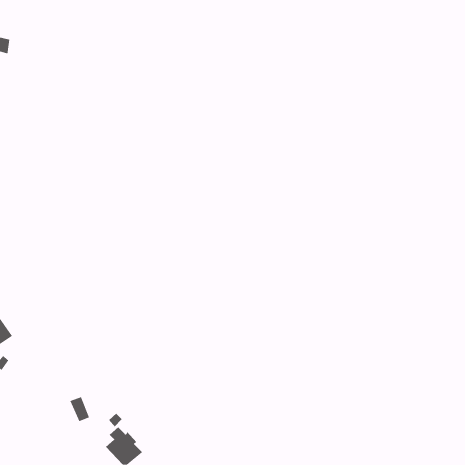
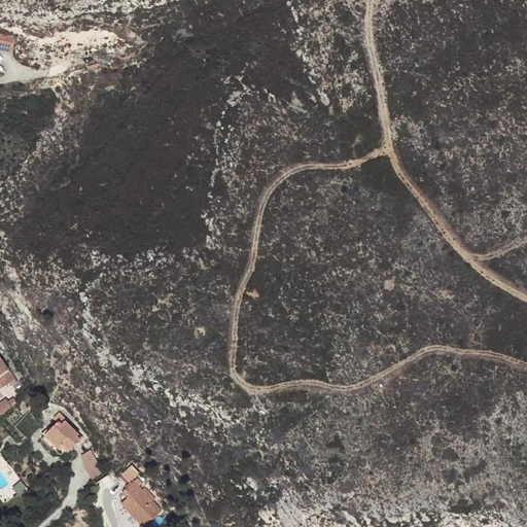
building: none -> [39,419,79,458]

